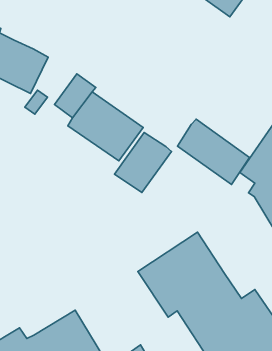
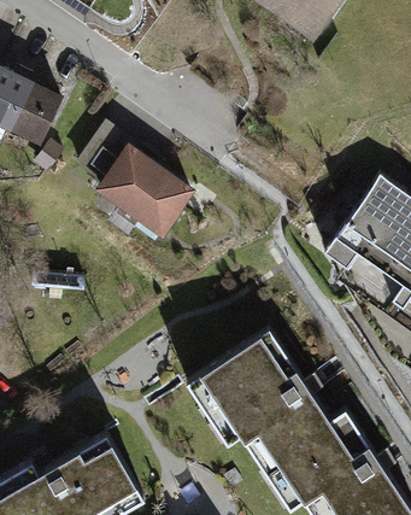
building: [178,119,250,184] -> none
building: [115,132,171,193] -> none

